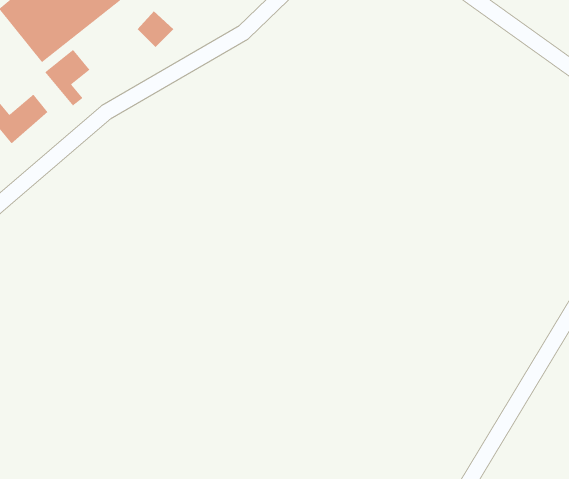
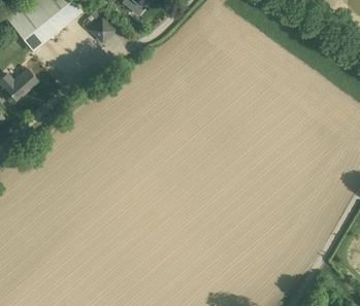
building: [44,49,91,106] -> none

